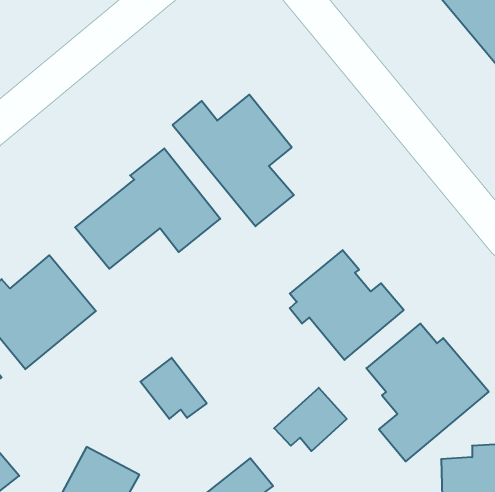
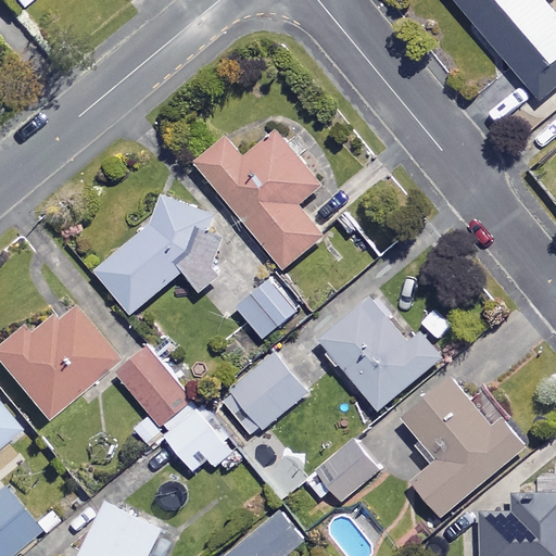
building: none -> [236,282,292,338]
building: none -> [117,350,189,426]
building: none -> [216,352,305,439]

